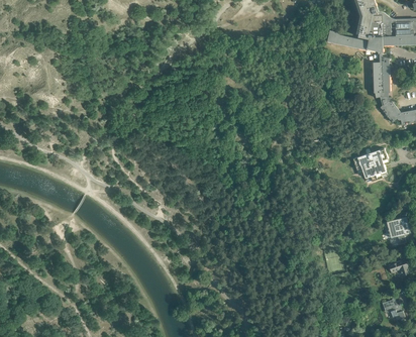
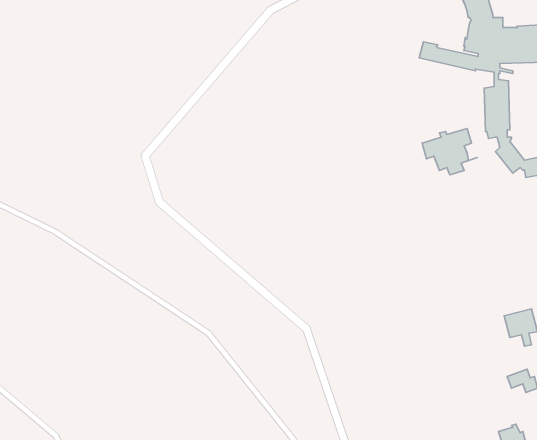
building: [352,148,391,181] -> [422,129,477,175]

